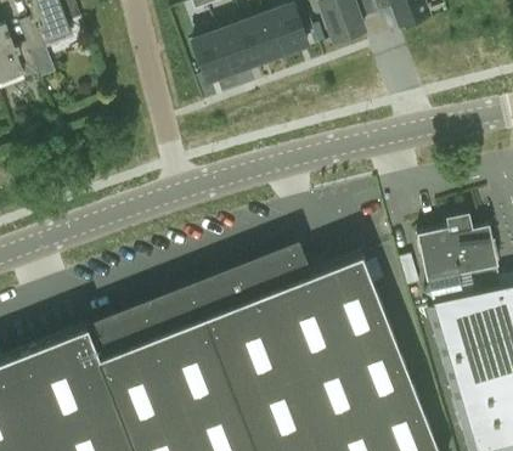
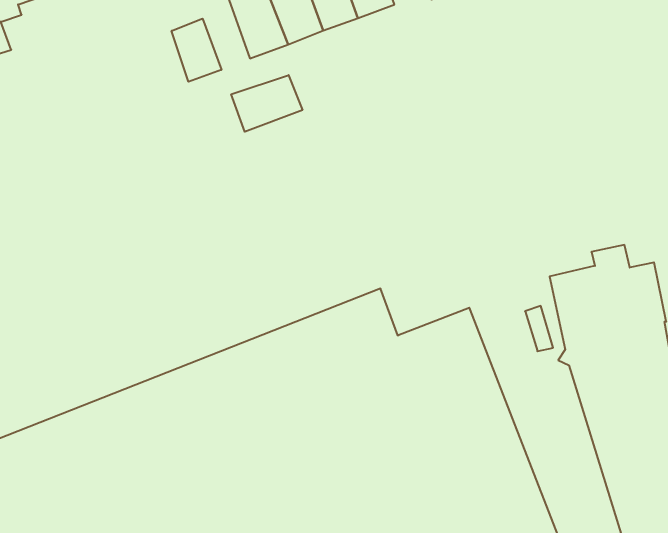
building: none -> [172,19,221,82]
building: none -> [231,75,302,132]

